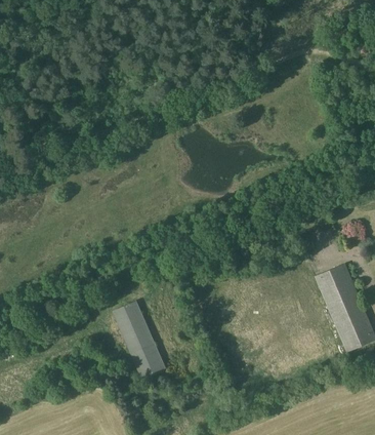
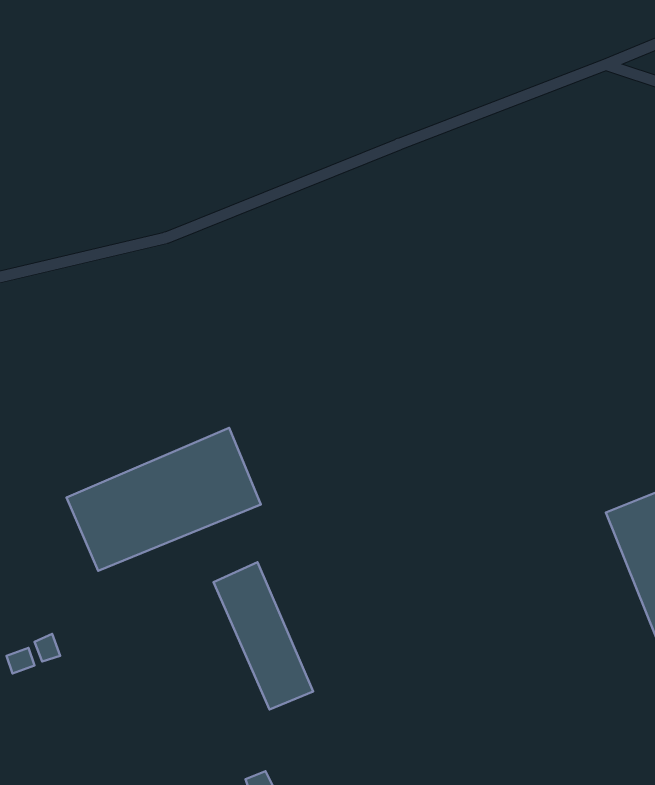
building: none -> [66,428,261,571]

